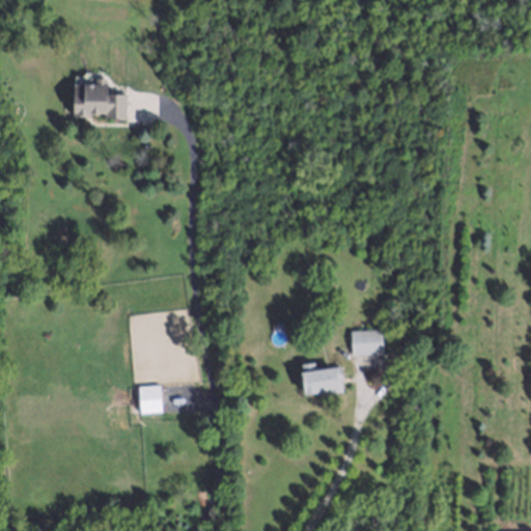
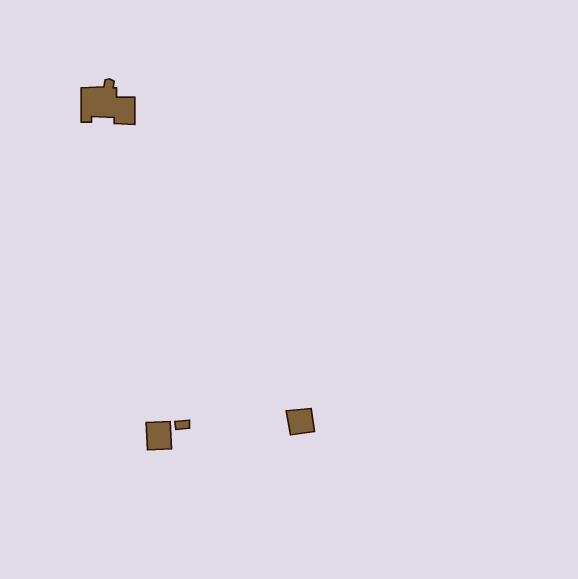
building: [352,333,382,355] -> none
building: [310,369,336,393] -> [286,409,315,435]

